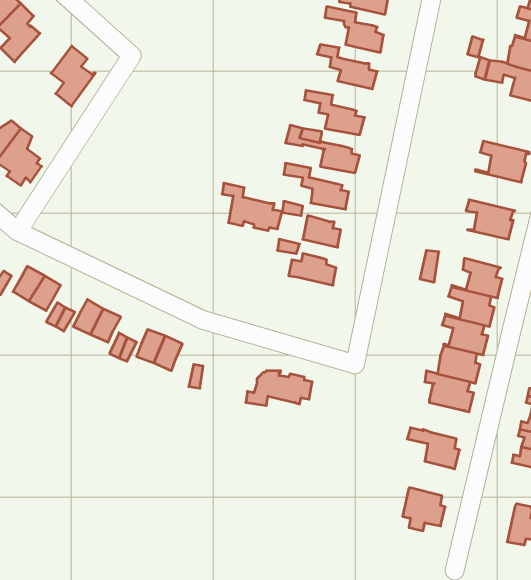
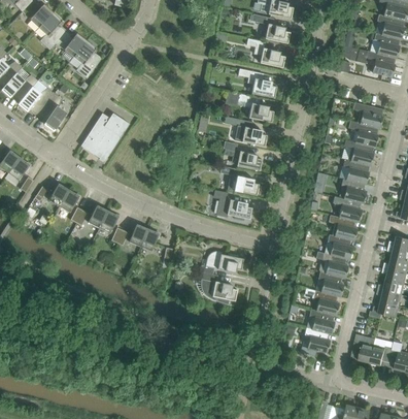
building: none -> [56,32,87,58]
building: none -> [80,114,130,162]
building: none -> [345,122,379,148]
building: [222,183,282,231] -> [213,190,252,221]
building: none -> [342,160,371,185]
building: none -> [199,272,237,304]
building: none -> [318,272,344,297]
building: none -> [307,310,335,334]
building: none -> [351,334,375,363]

